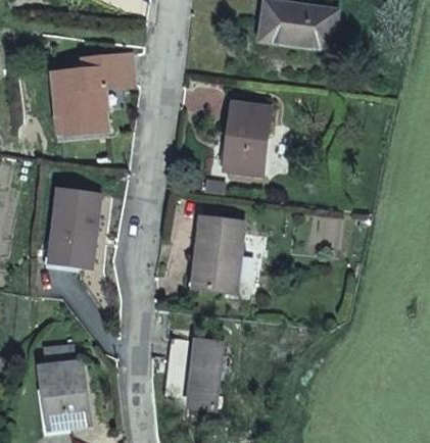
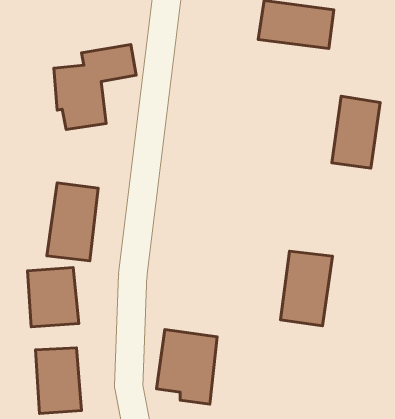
building: [223,101,271,173] -> [332,96,380,168]
building: [191,215,243,290] -> [280,251,333,326]
building: none -> [28,267,79,327]

